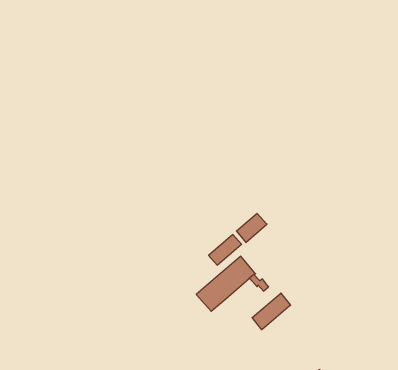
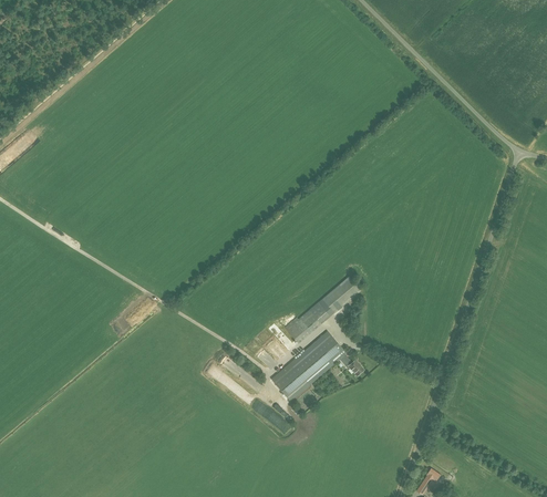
building: [252,293,291,330] -> none

